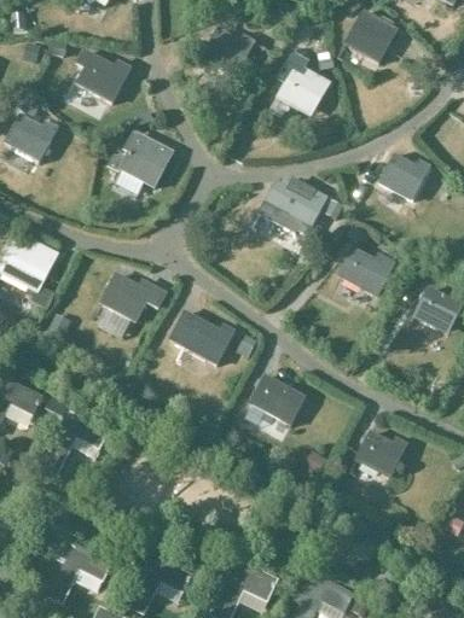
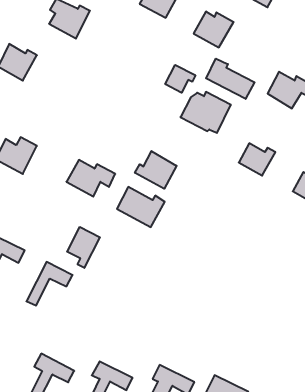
building: [109,129,174,188] -> none
building: none -> [206,59,255,99]
building: none -> [165,65,195,93]
building: none -> [135,151,177,189]
building: none -> [67,227,100,268]
building: [249,373,306,426] -> none
building: [354,427,408,478] -> none

